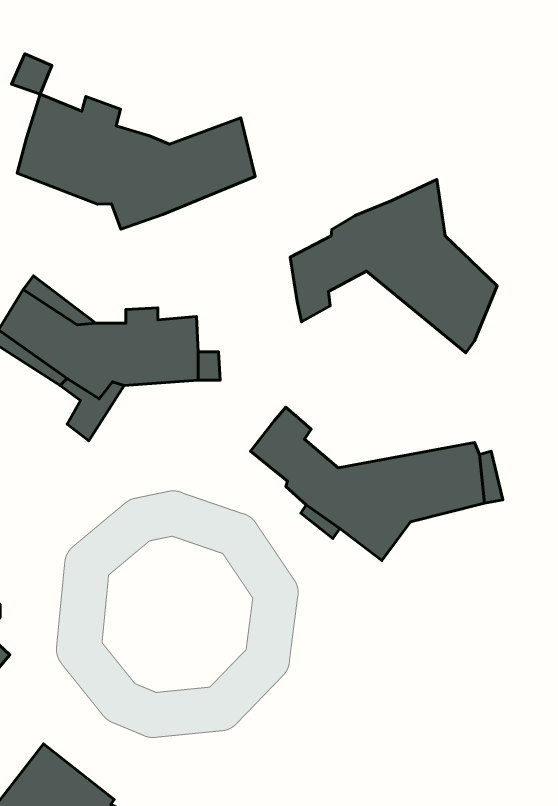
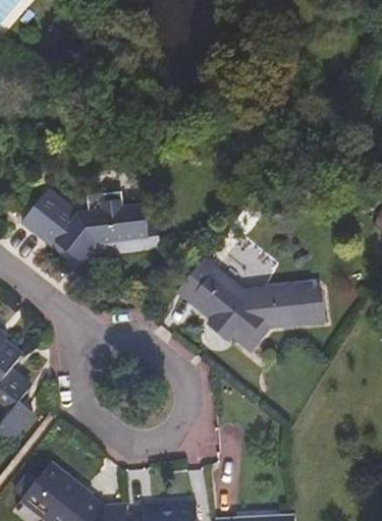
building: [17,94,255,229] -> none
building: [290,180,497,353] -> none

